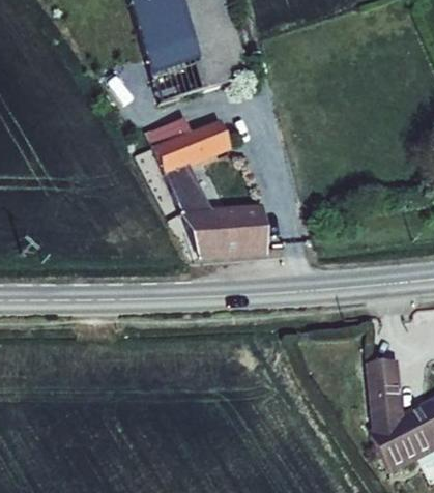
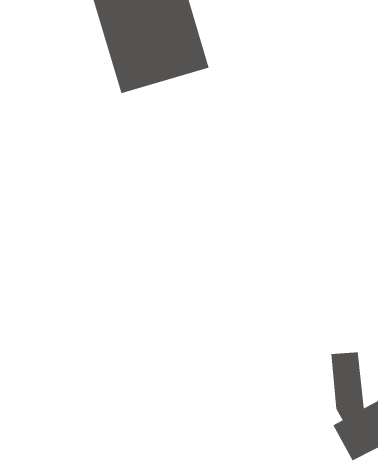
building: [140,98,263,252] -> none

